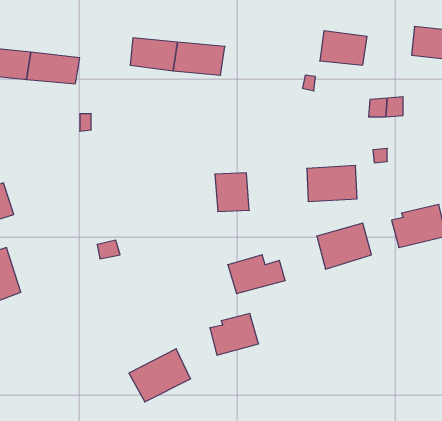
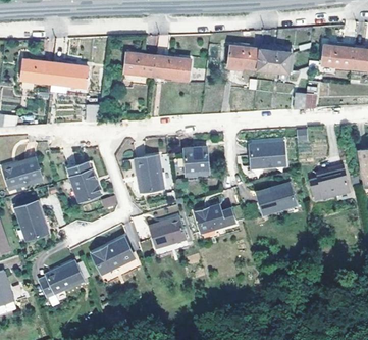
building: none -> [227,45,261,68]
building: none -> [134,157,160,195]
building: none -> [64,162,98,202]
building: [210,314,259,355] -> [148,218,182,248]
building: none -> [41,262,81,298]
building: [129,349,191,402] -> [86,239,129,277]

